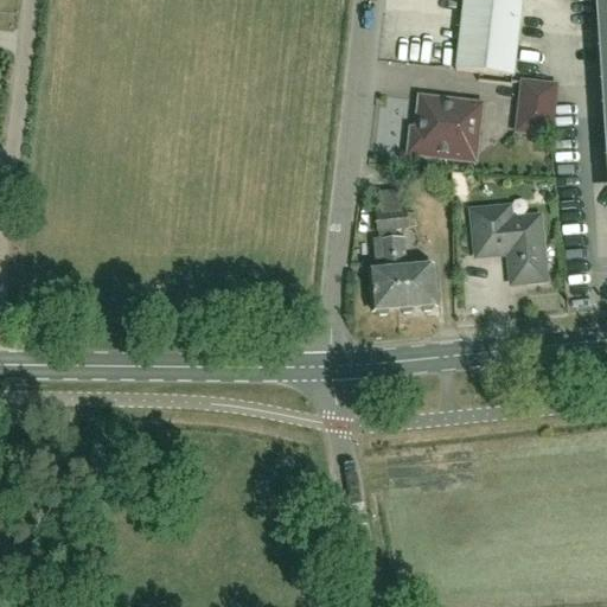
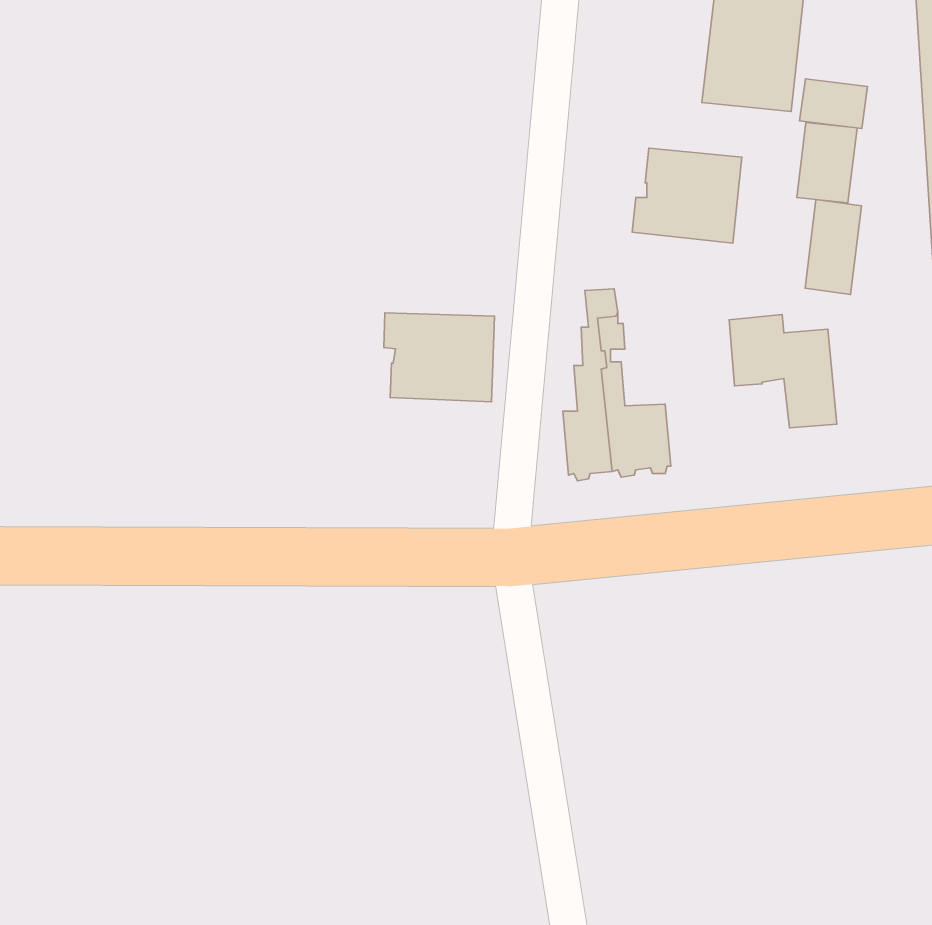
building: none -> [800,79,868,129]
building: none -> [805,199,861,295]
building: none -> [384,313,495,402]

